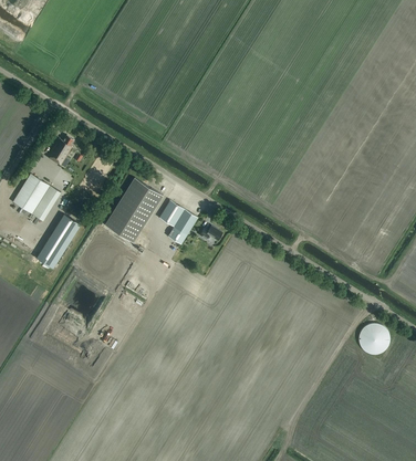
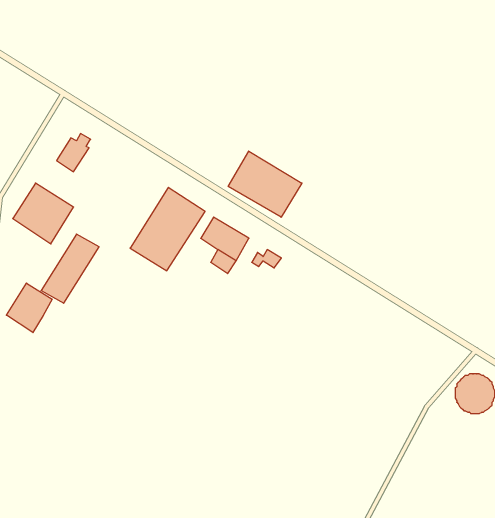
building: none -> [228,151,302,217]
building: none -> [6,283,52,333]

